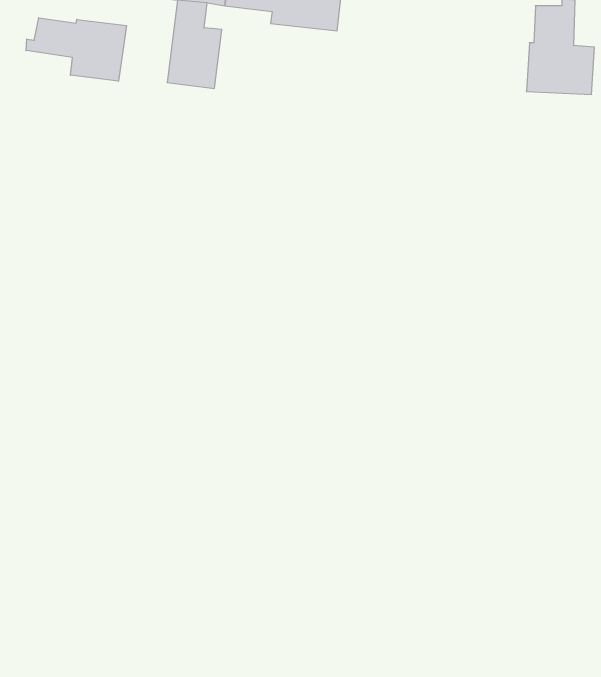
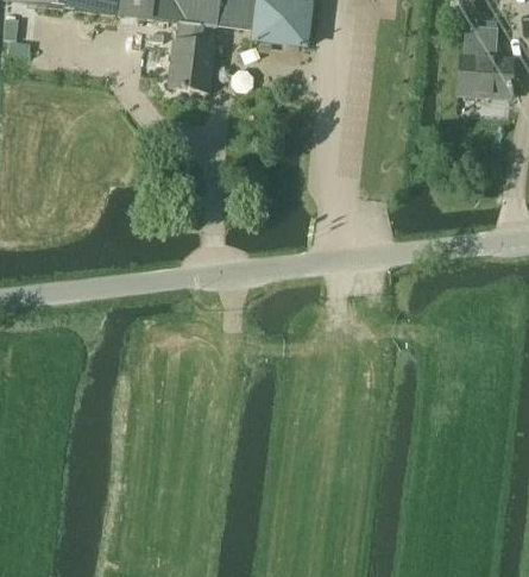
building: [26,18,126,81] -> none

